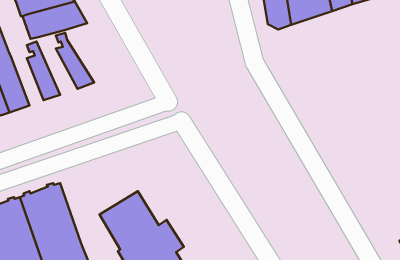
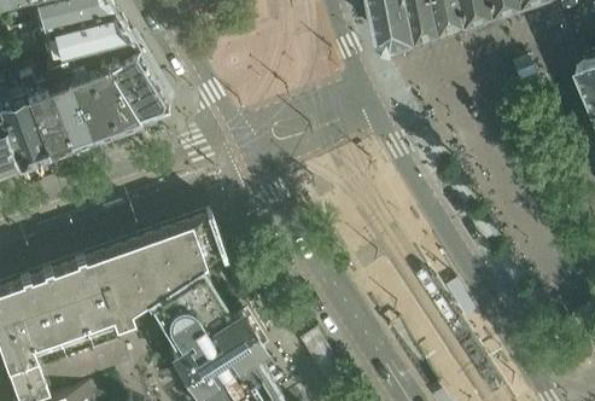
building: none -> [98,42,167,124]
building: none -> [59,64,116,141]
building: none -> [21,77,69,156]
building: none -> [92,222,220,347]

